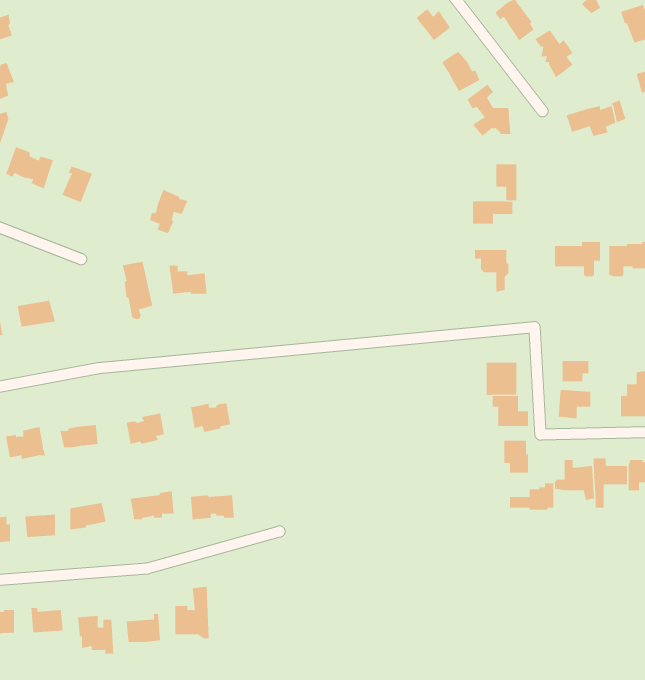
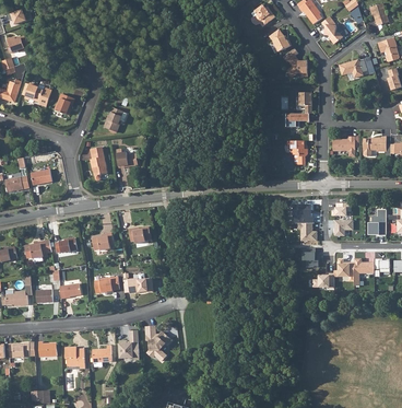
building: none -> [145,327,172,362]

